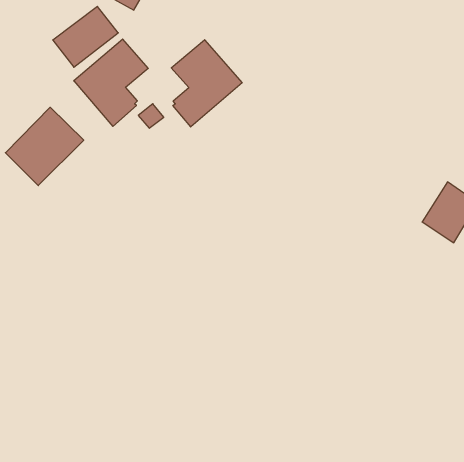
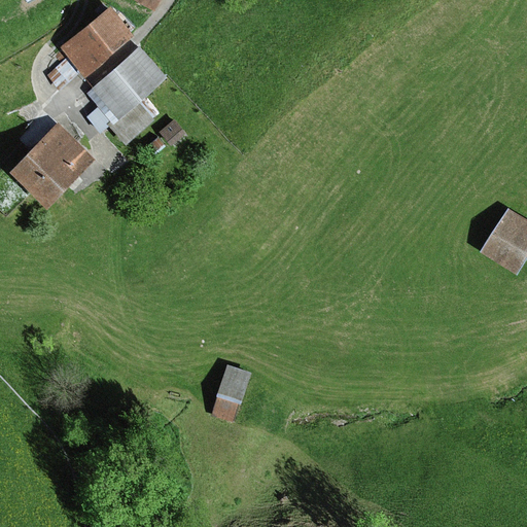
building: [171,40,242,127] -> none
building: none -> [211,364,250,422]

